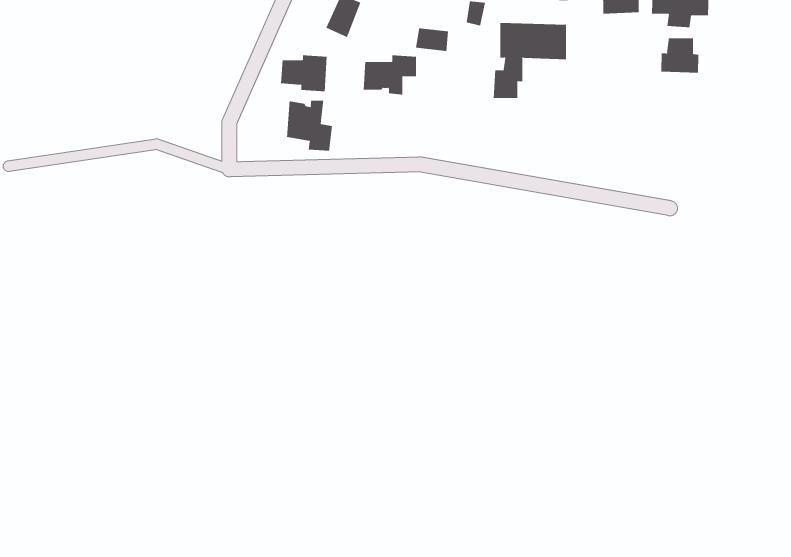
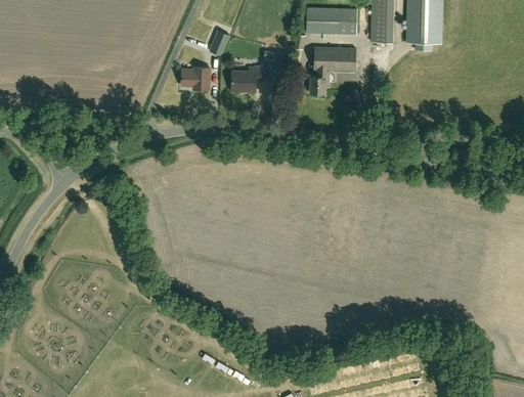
building: [661,37,699,74] -> none
building: [287,100,332,152] -> none

